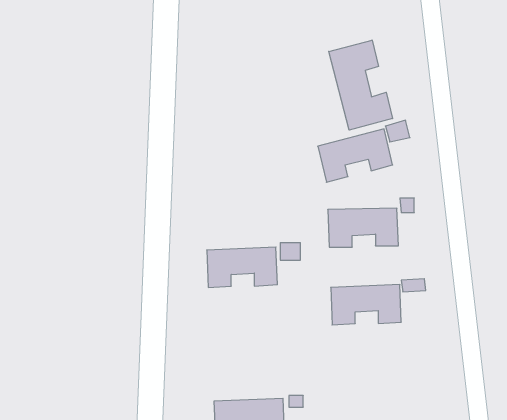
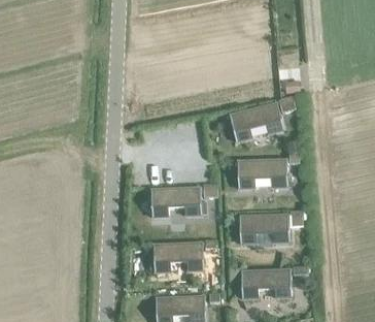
building: [329,40,393,130] -> none
building: none -> [152,243,203,271]
building: none -> [241,269,292,298]

